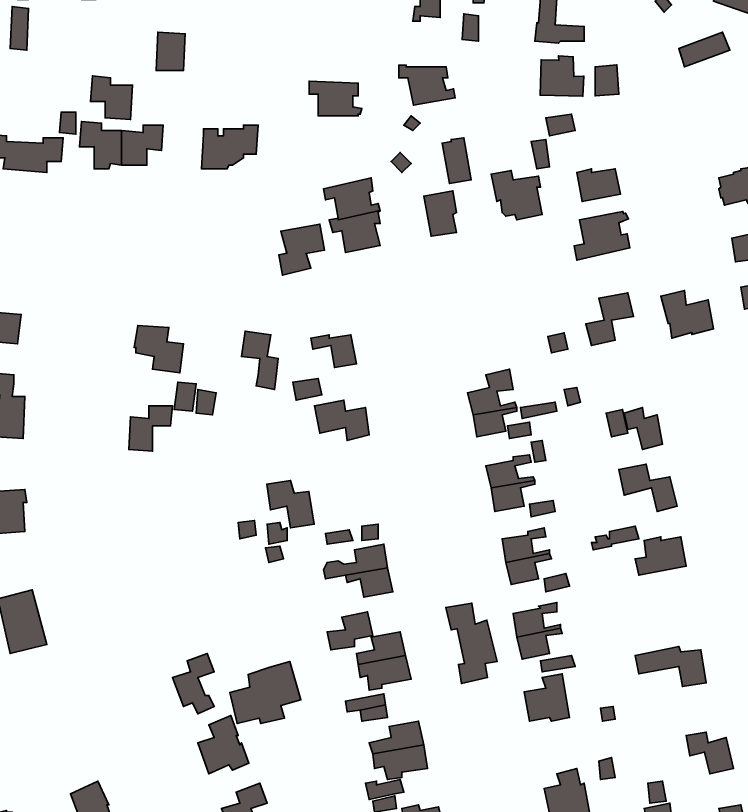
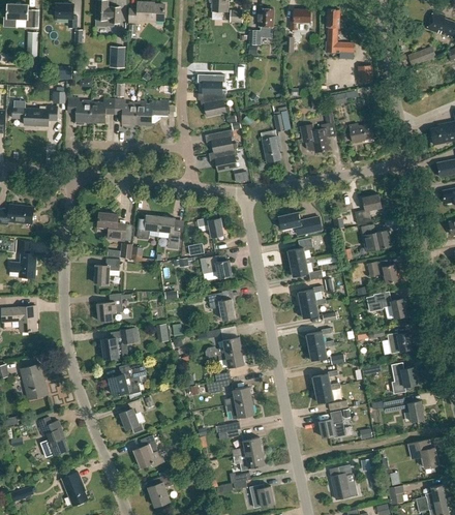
building: [540,56,584,96] -> none
building: [399,65,455,105] -> [199,93,231,116]
building: [91,76,132,120] -> [114,99,138,124]
building: [574,211,630,260] -> none
building: [279,224,324,275] -> none
building: [661,291,714,338] -> [361,224,391,251]
building: none -> [279,212,323,235]
building: none -> [138,214,161,239]
building: none -> [96,294,123,322]
building: [267,481,314,528] -> [209,293,236,320]
building: none -> [101,329,138,359]
building: none -> [391,363,418,393]
building: [446,603,497,684] -> none
building: [230,662,301,724] -> [110,360,150,395]
building: none -> [37,416,68,457]

